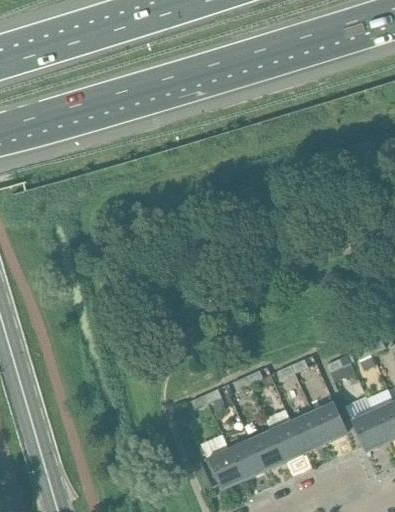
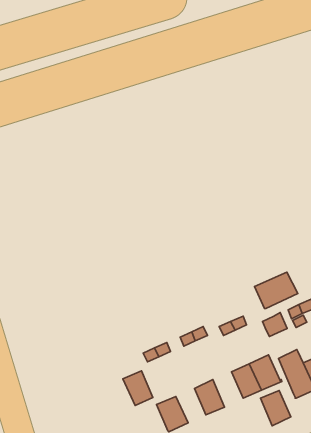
building: none -> [254,272,298,309]
building: [271,421,305,461] -> [261,390,291,426]
building: [229,440,263,479] -> [123,371,153,405]

